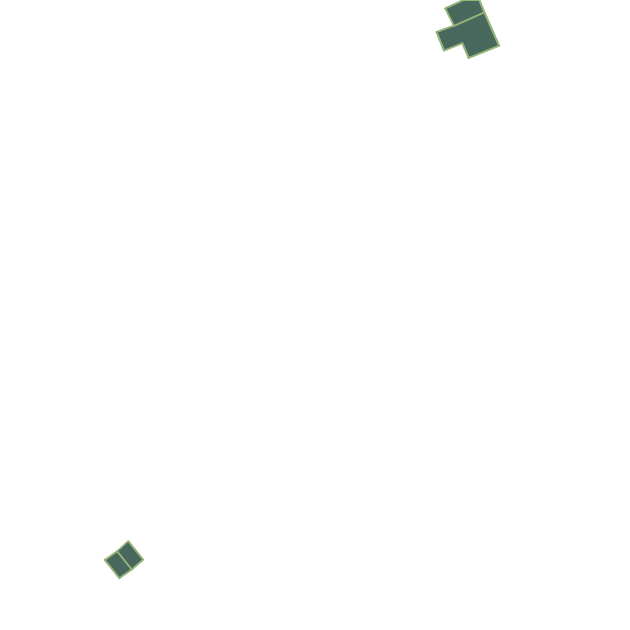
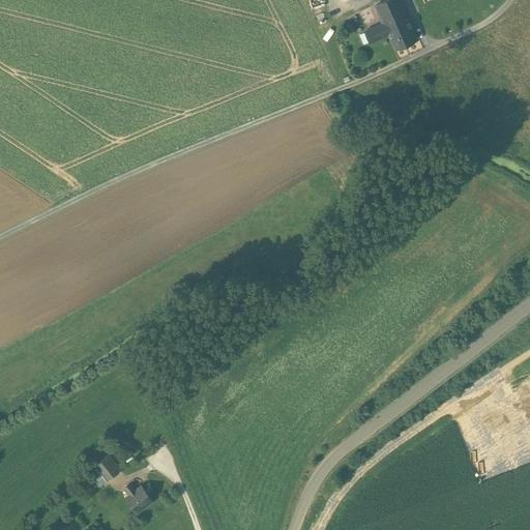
building: none -> [125,482,152,512]

